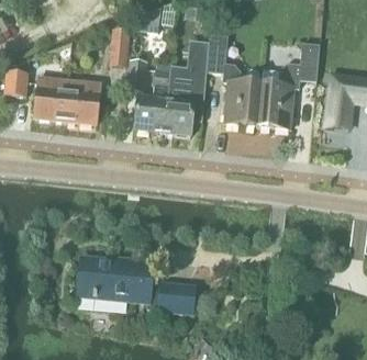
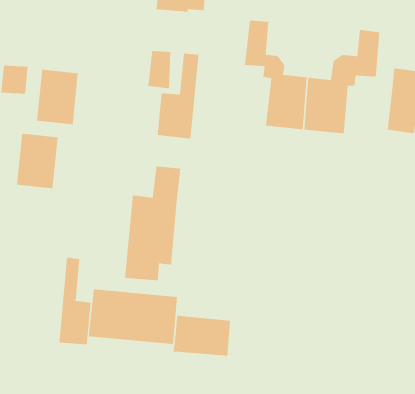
building: [109,29,130,67] -> none
building: [163,40,210,135] -> [124,166,181,281]
building: [65,78,100,124] -> [16,133,58,189]
building: none -> [59,257,91,345]

